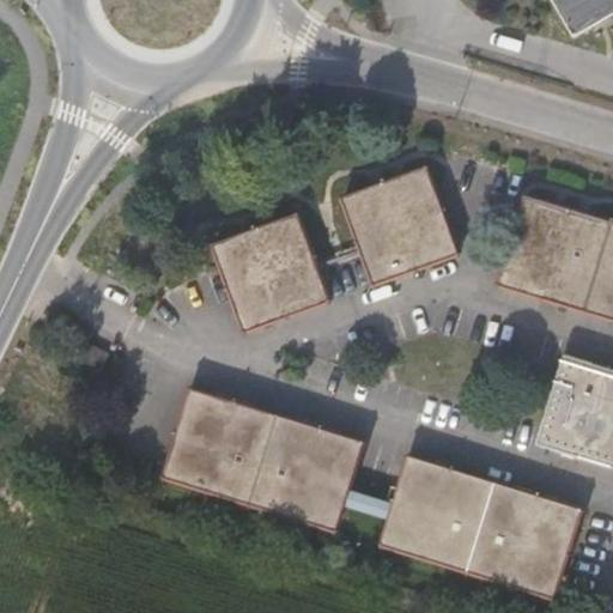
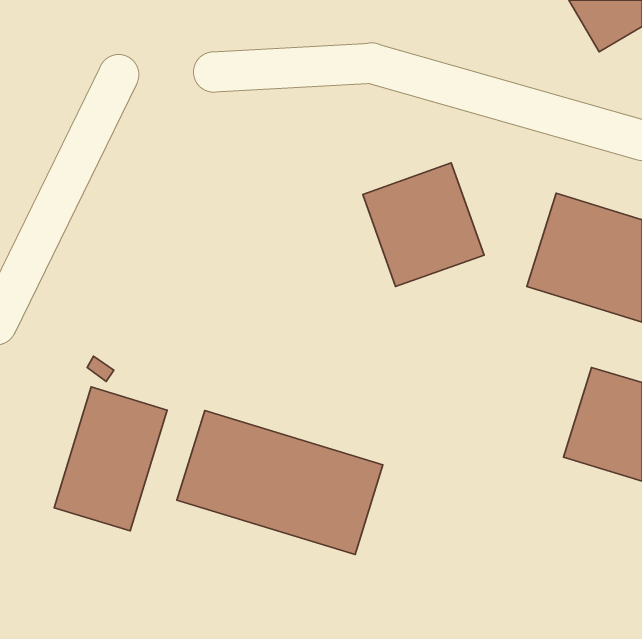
building: [213,207,328,323] -> none
building: none -> [54,387,167,531]
building: [383,460,582,600] -> none

